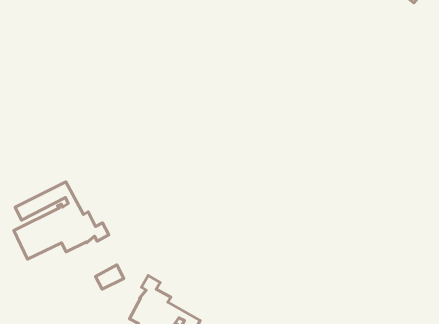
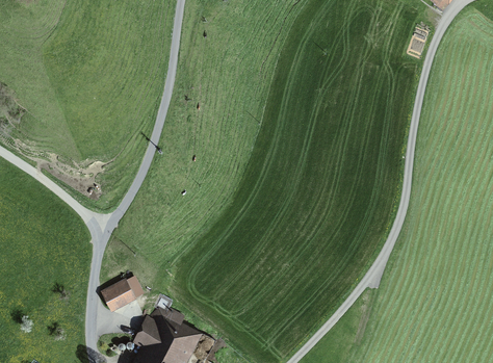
building: [14,182,109,259] -> none

